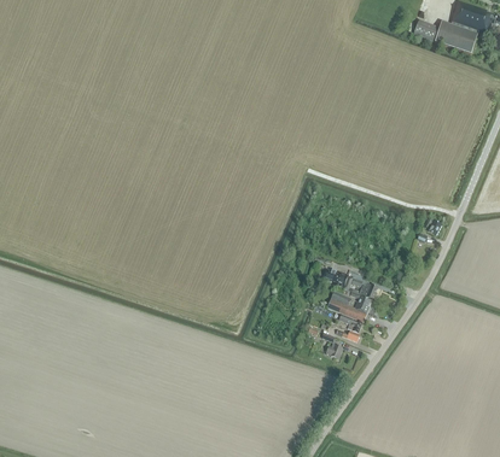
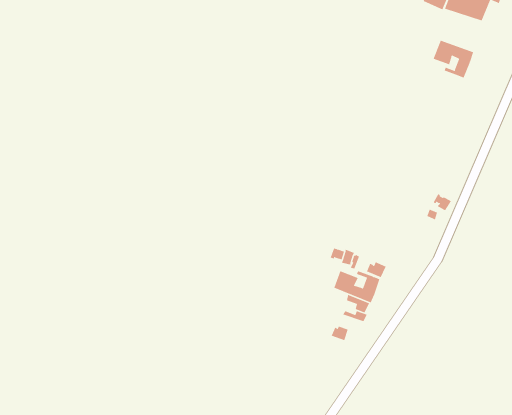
building: none -> [433,40,474,78]

